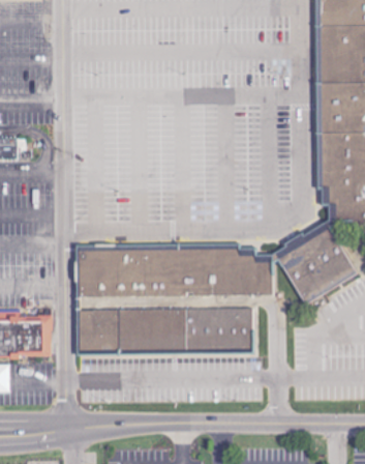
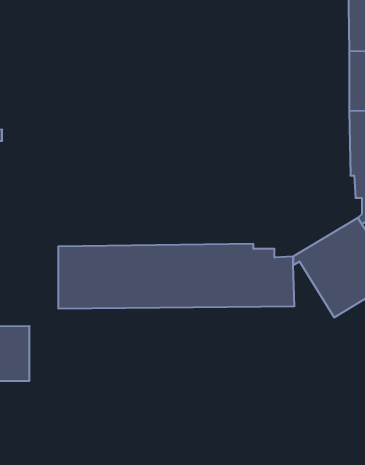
building: [77,308,251,354] -> none

